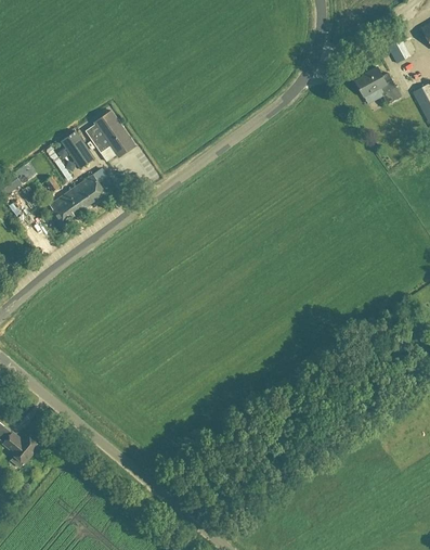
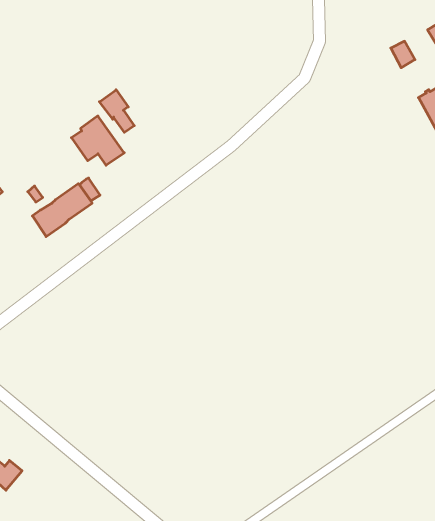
building: [355,67,401,103] -> none
building: none -> [99,90,134,132]
building: [63,130,95,167] -> none

